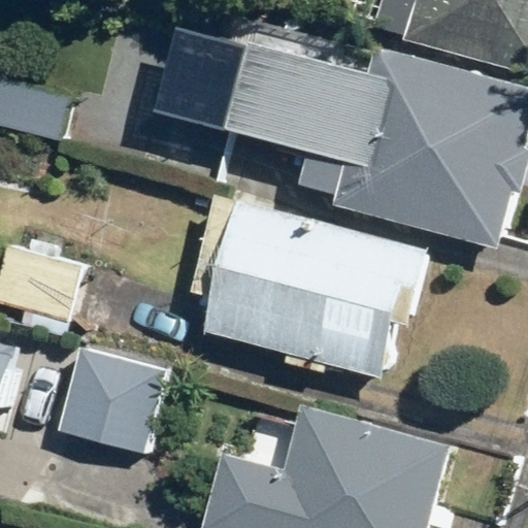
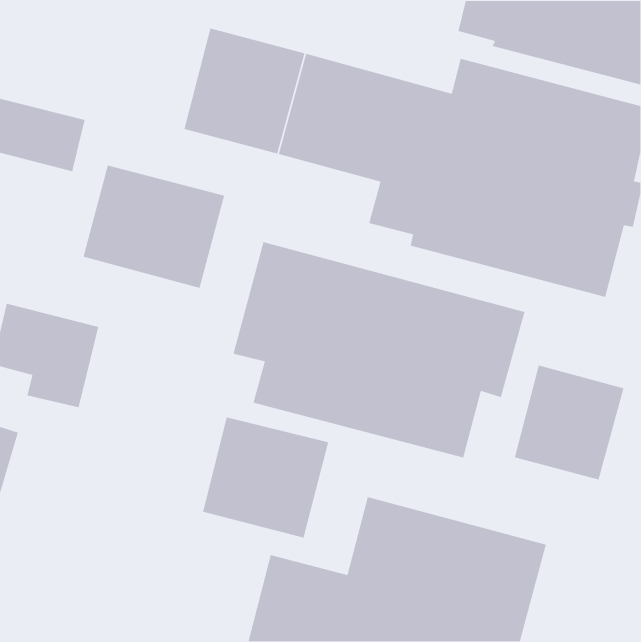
building: none -> [83,165,225,289]
building: none -> [514,365,625,481]
building: [61,357,165,457] -> [202,417,329,538]

